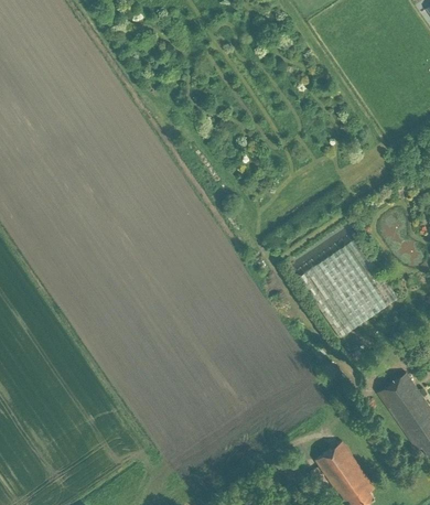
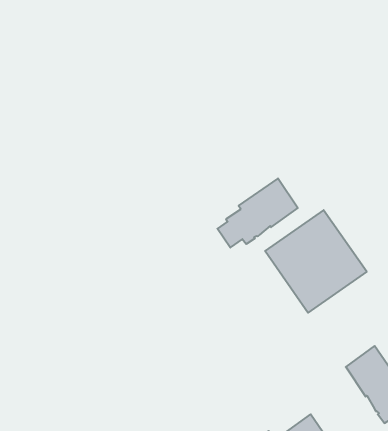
building: none -> [217,178,298,248]

